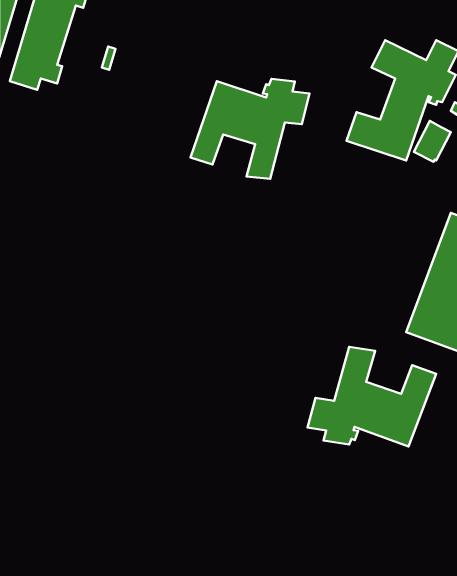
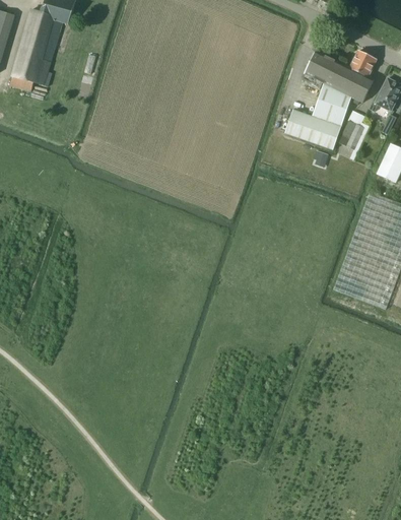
building: [191,79,310,179] -> none
building: [307,347,436,447] -> none

